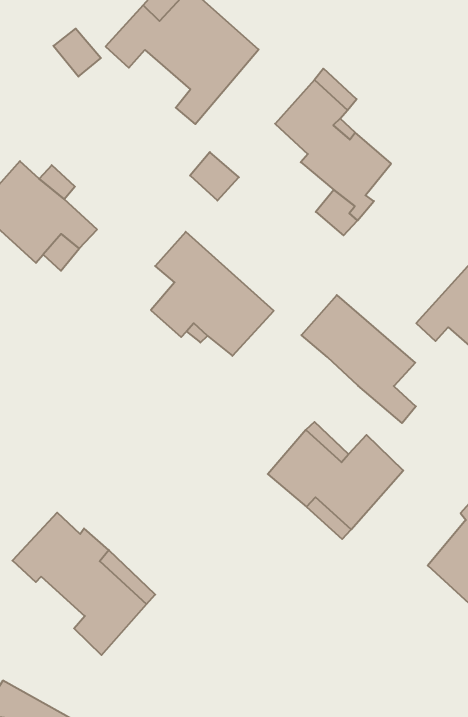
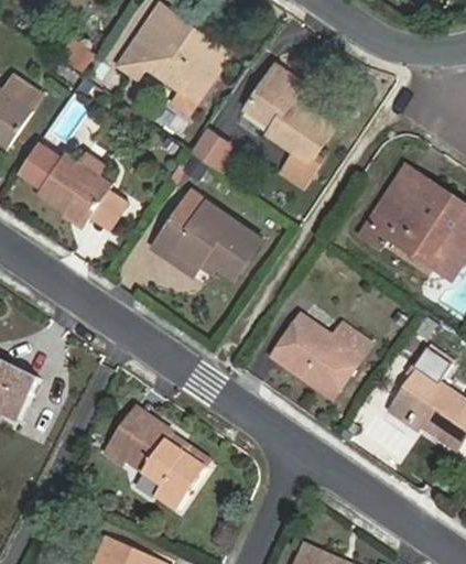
building: none -> [152,220,197,276]
building: [301,295,416,423] -> none

